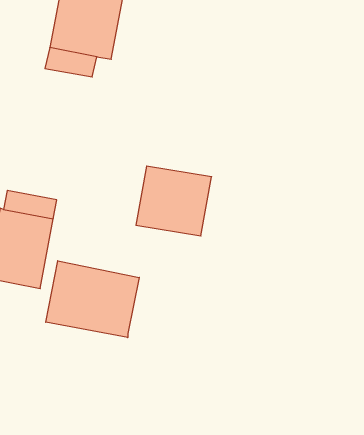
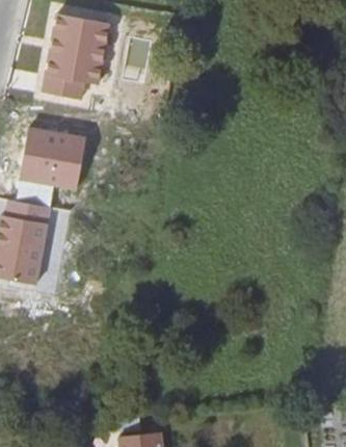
building: [136,166,212,236] -> [19,127,85,188]
building: [46,261,139,338] -> none

